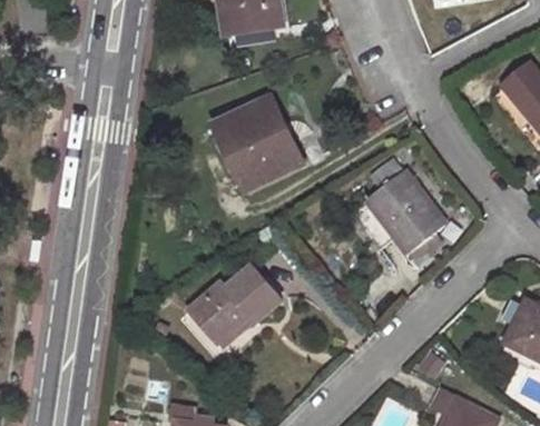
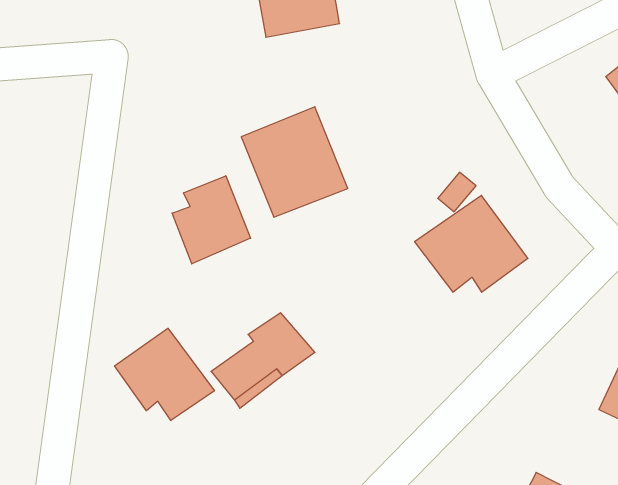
building: none -> [172,176,251,264]
building: none -> [115,328,214,421]

